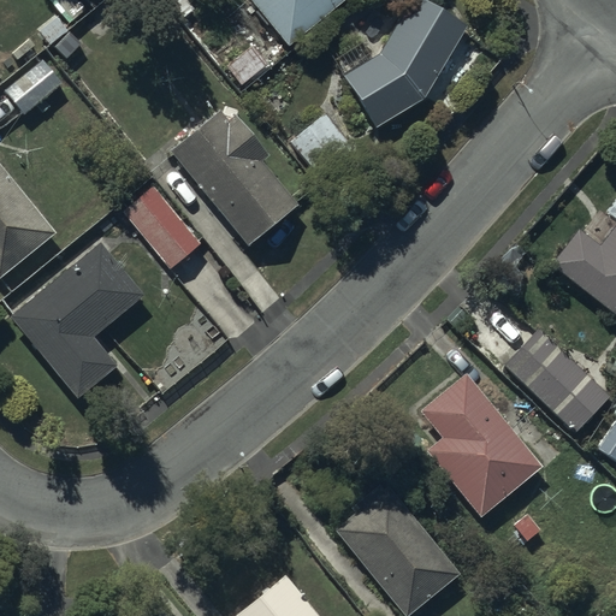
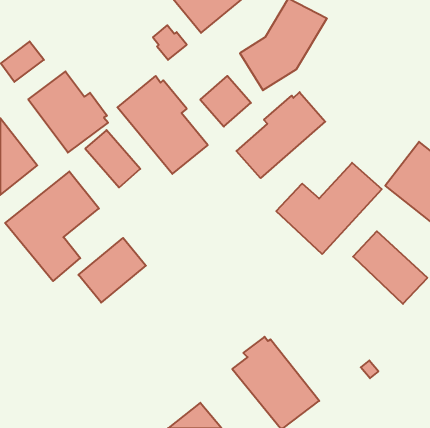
building: none -> [28,71,108,153]
building: none -> [236,92,325,178]
building: none -> [276,163,382,254]
building: none -> [78,238,146,303]
building: [420,375,540,517] -> none

